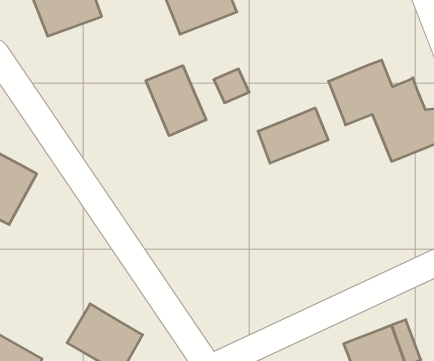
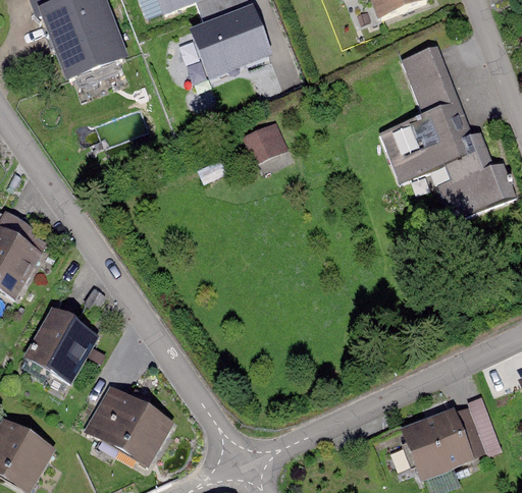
building: none -> [404,43,474,136]
building: [146,66,206,136] -> none
building: [258,108,328,163] -> none
building: none -> [23,312,95,383]

